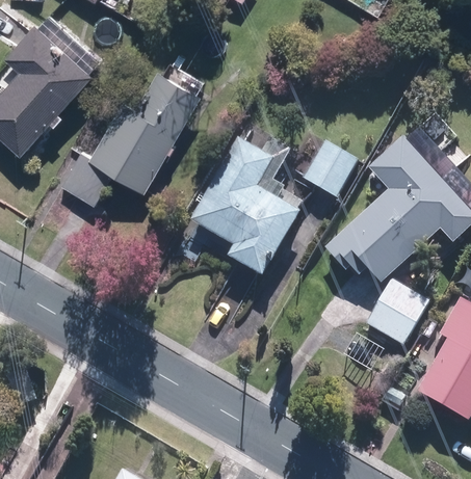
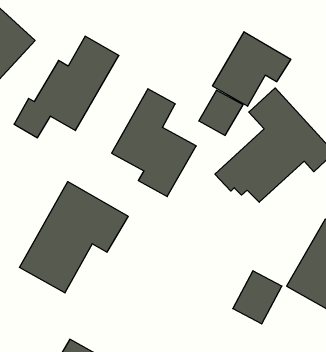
building: none -> [213,32,291,106]
building: none -> [19,182,128,293]
building: [367,277,430,346] -> [233,271,282,324]

